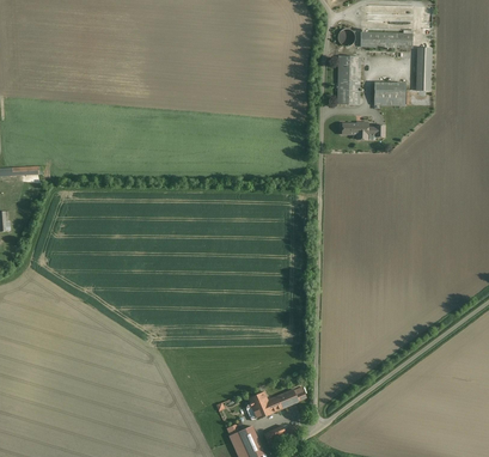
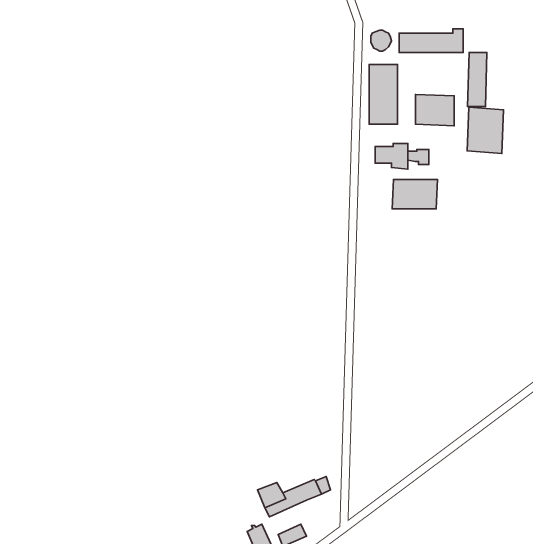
building: none -> [467,107,504,154]
building: none -> [392,180,437,209]

